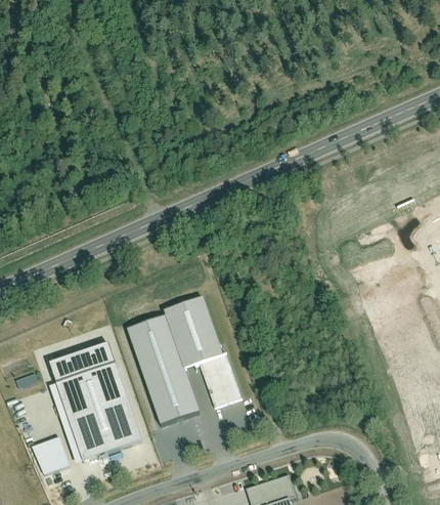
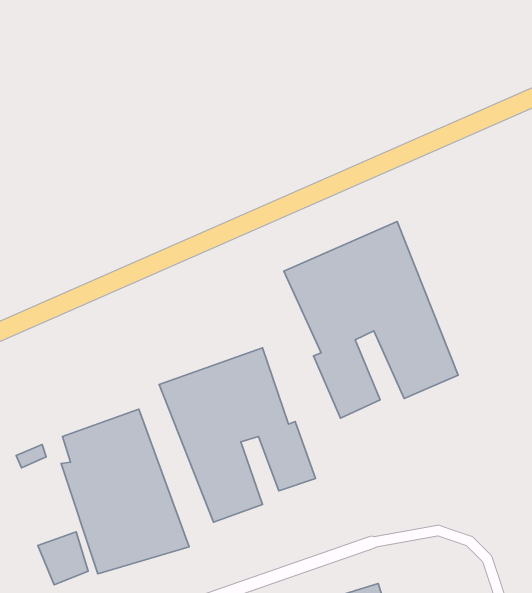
building: none -> [284,221,458,418]

